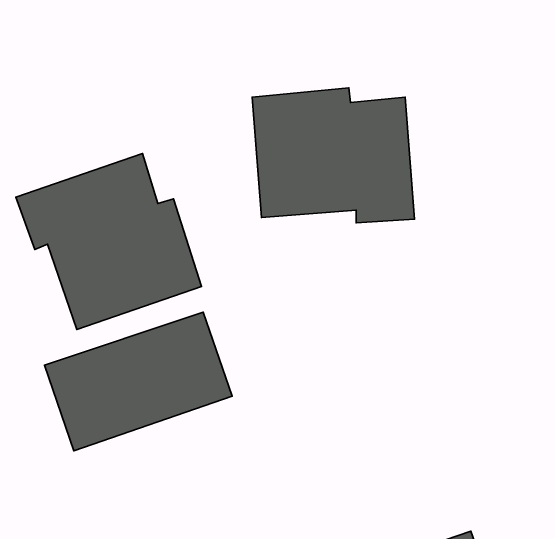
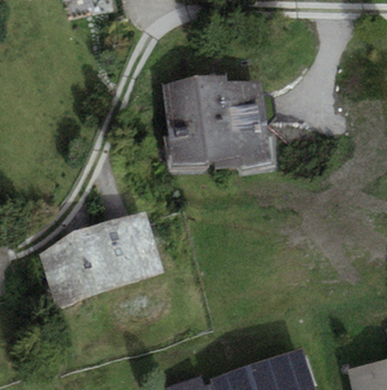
building: [16,154,201,329] -> none

